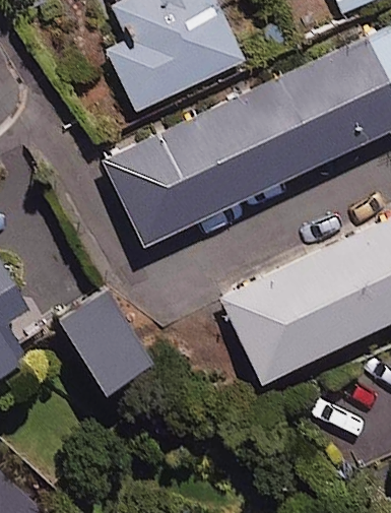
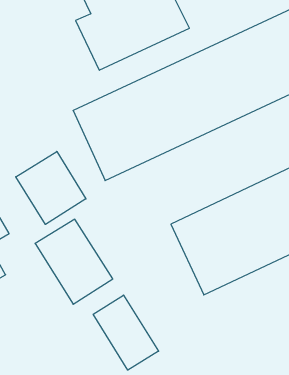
building: none -> [16,151,86,224]
building: none -> [93,295,159,370]

